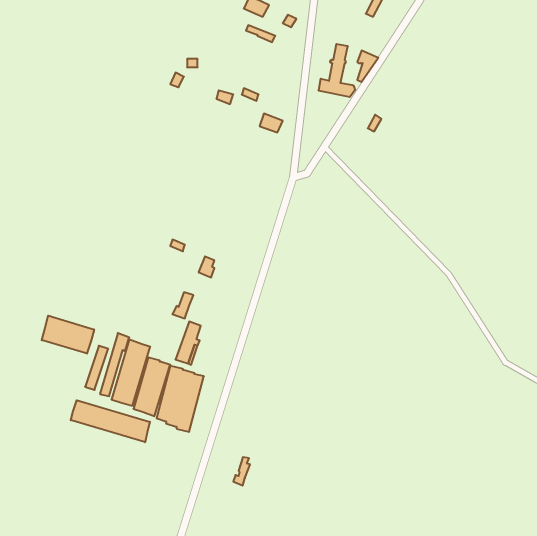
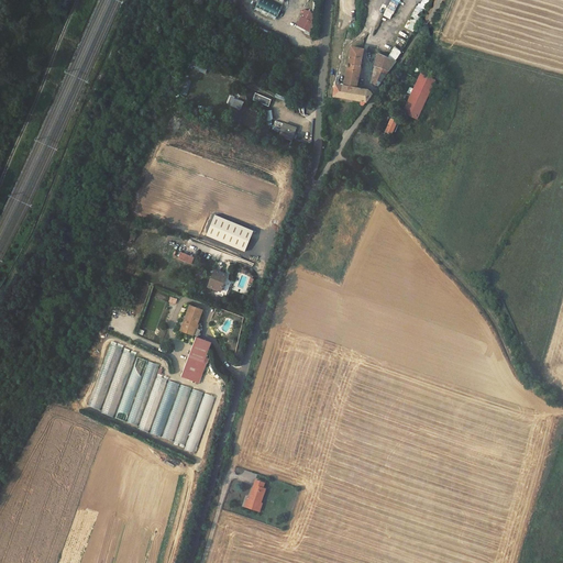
building: none -> [401,71,435,119]
building: none -> [206,214,253,250]
building: [42,316,94,354] -> none
building: [71,400,150,442] -> none

